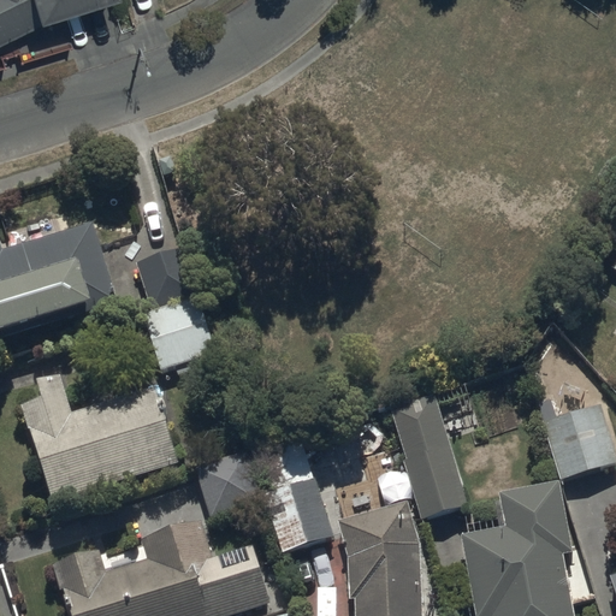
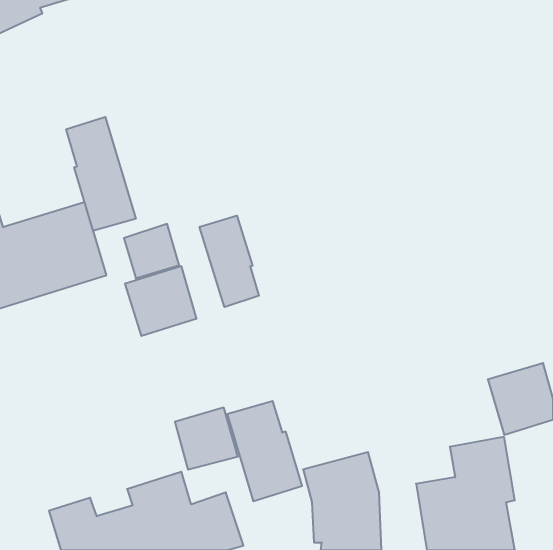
building: none -> [66,117,136,231]
building: none -> [200,216,259,307]
building: [24,387,178,505] -> none
building: [386,396,468,521] -> none

